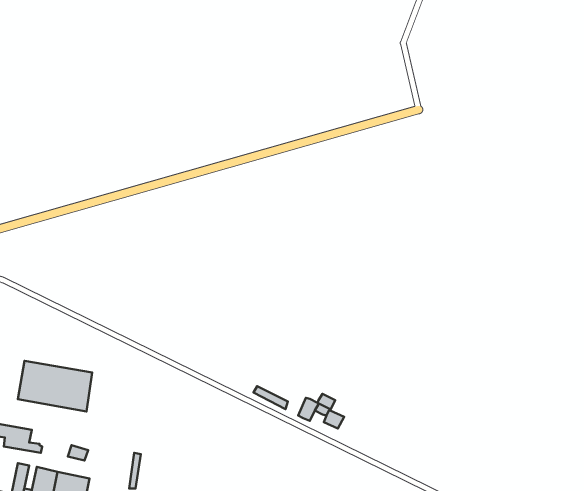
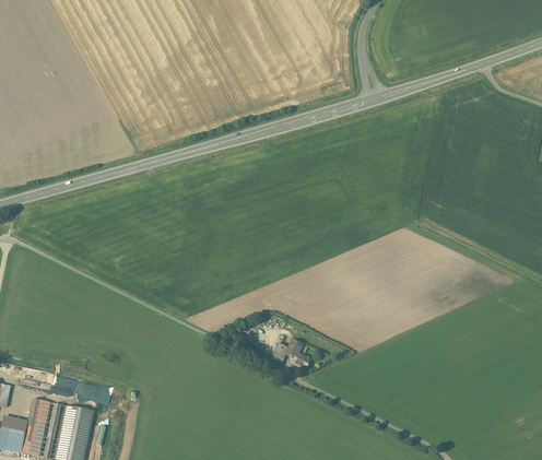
building: [18,361,92,411] -> none

